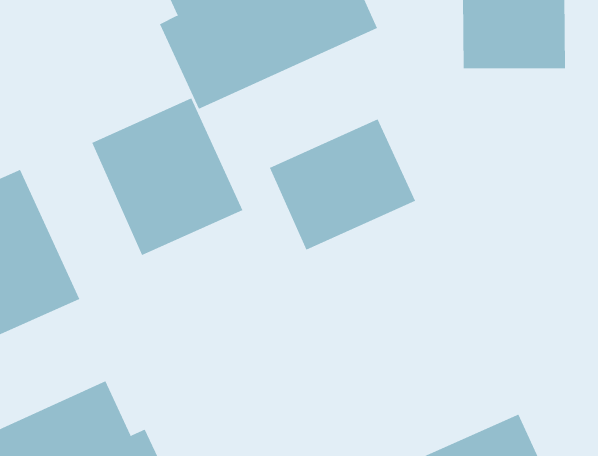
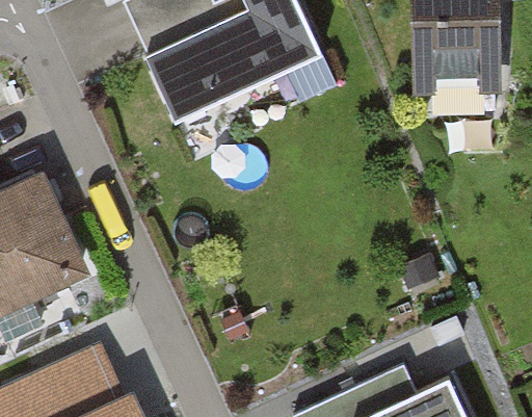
building: [91,97,243,256] -> none
building: [269,118,416,251] -> none

